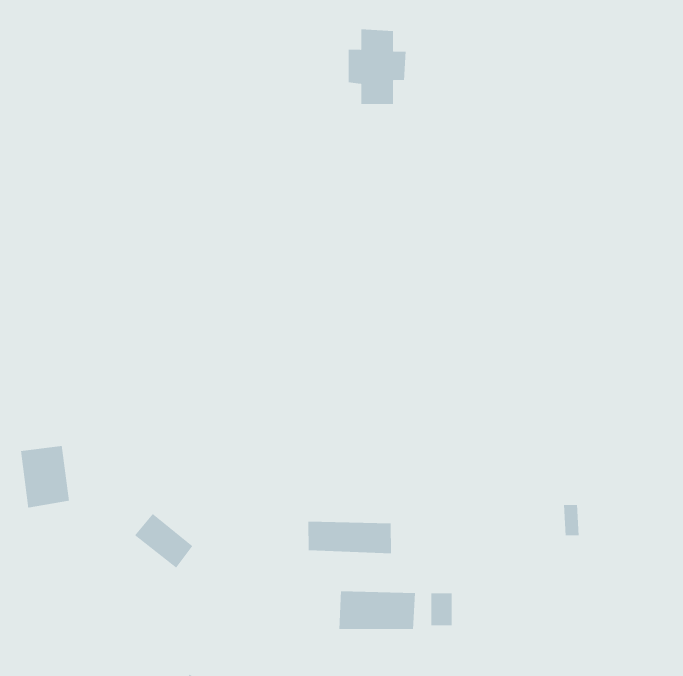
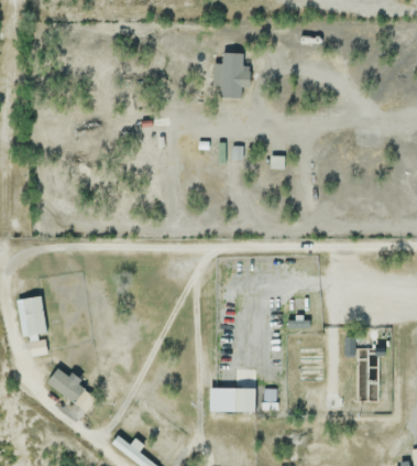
building: [134,513,193,568] -> [46,368,81,401]
building: [308,521,391,554] -> none

